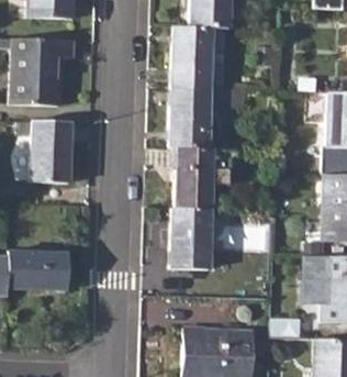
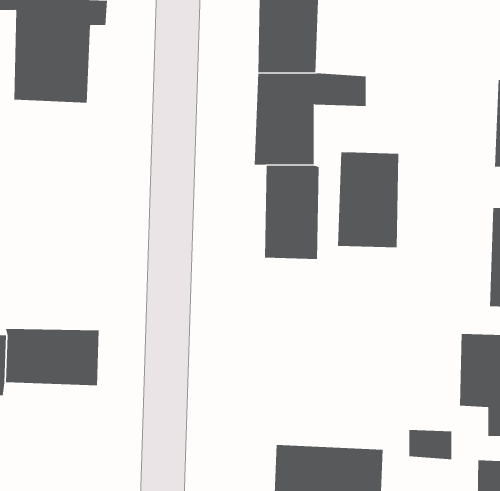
building: [31,120,70,184] -> none
building: [170,207,211,269] -> [337,152,399,248]

